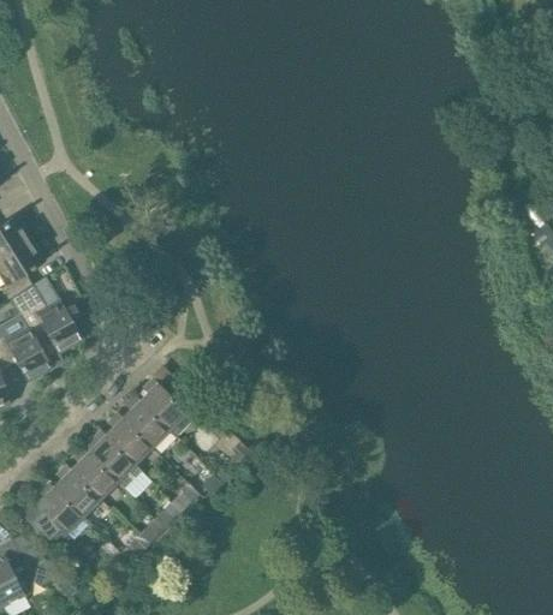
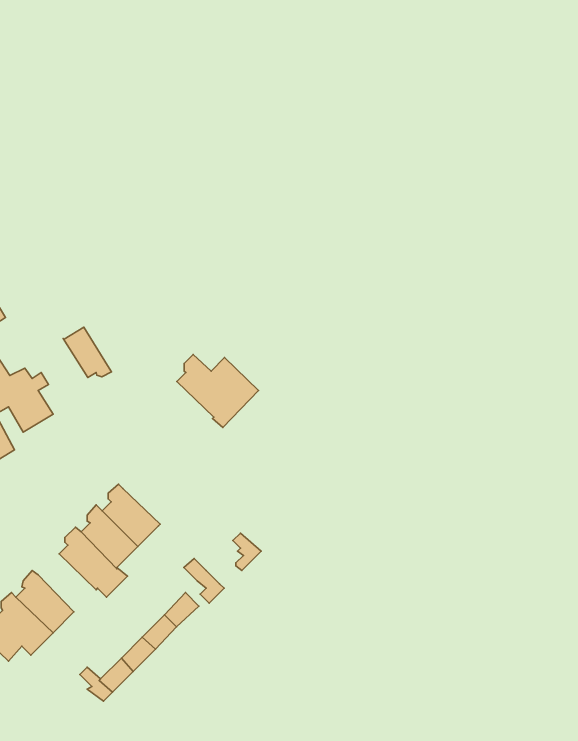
building: none -> [63,327,111,378]
building: [138,380,204,438] -> [177,355,259,428]
building: [70,450,117,501] -> none

